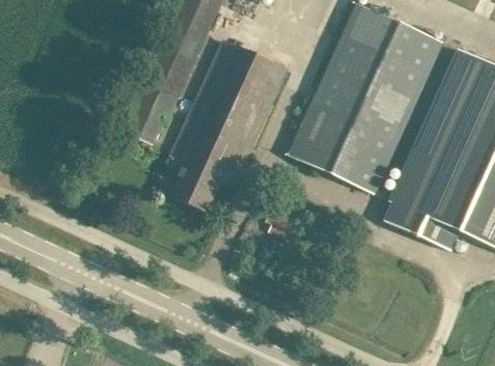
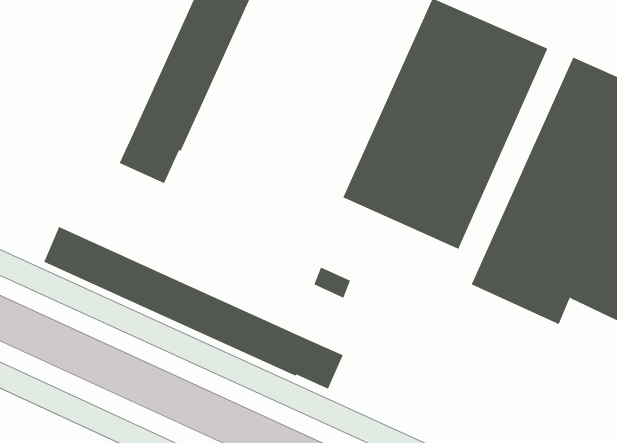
building: [169,39,286,210] -> none
building: none -> [43,226,344,389]

